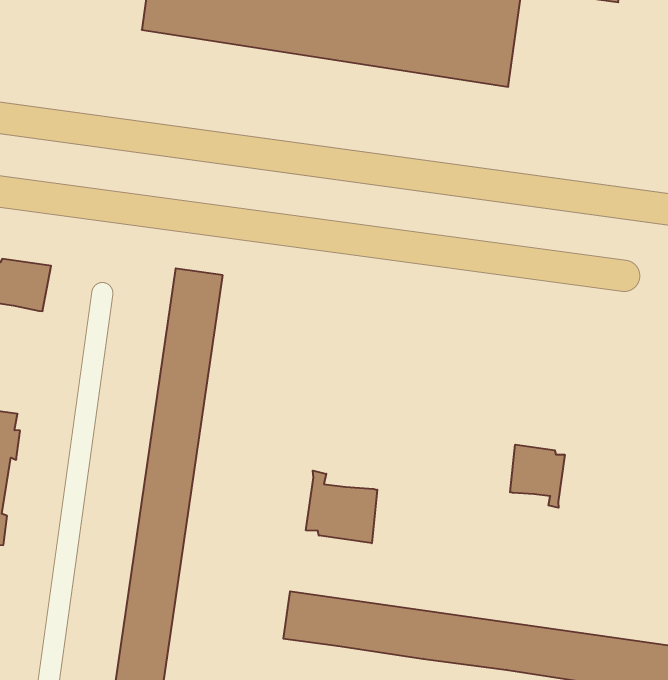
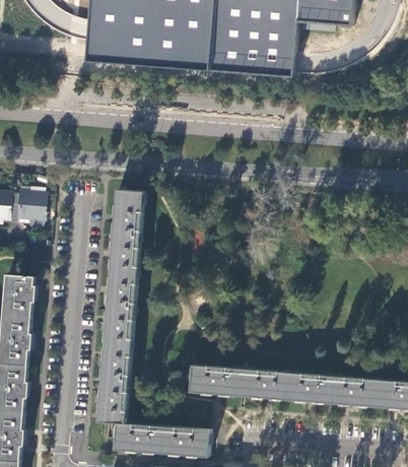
building: [510,445,565,508] -> none
building: [306,471,377,543] -> none

